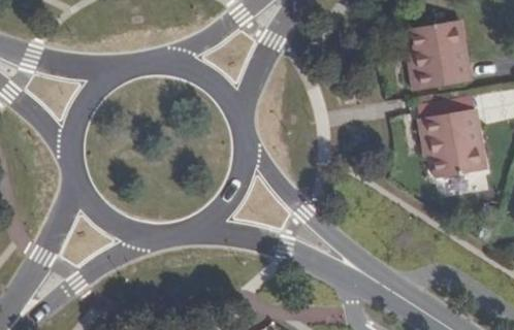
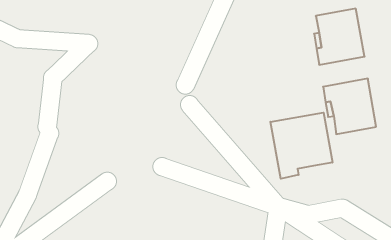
building: none -> [270,113,332,179]

